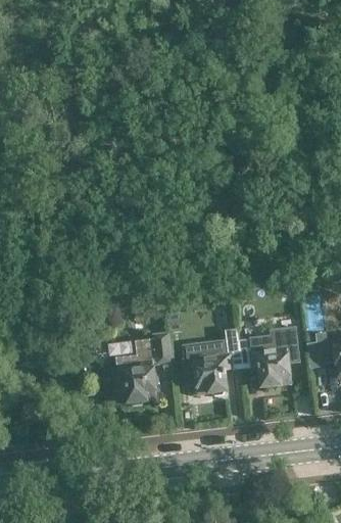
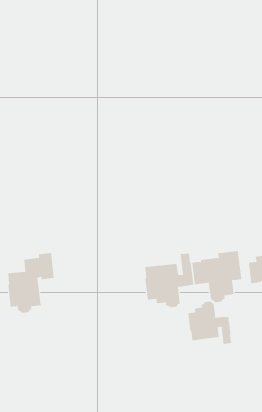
building: [115,332,172,405] -> [7,253,54,313]
building: none -> [188,301,232,345]

